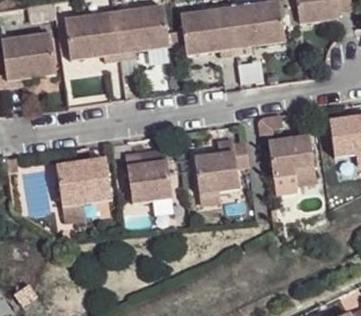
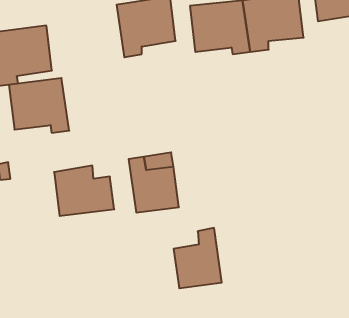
building: [66,11,121,61] -> [9,78,69,133]
building: [267,134,316,185] -> none
building: [194,137,238,192] -> [174,228,222,288]

